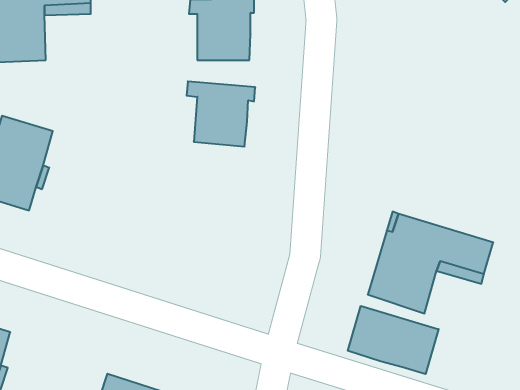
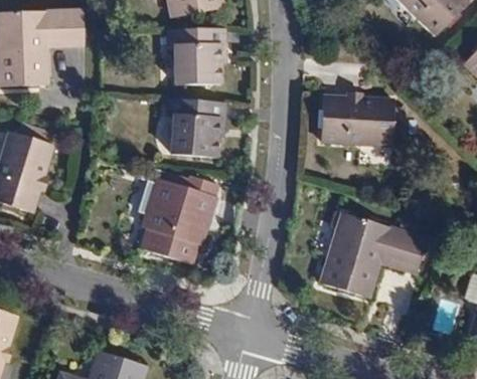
building: none -> [320,96,394,145]
building: none -> [142,179,215,263]
building: [348,306,439,374] -> none

